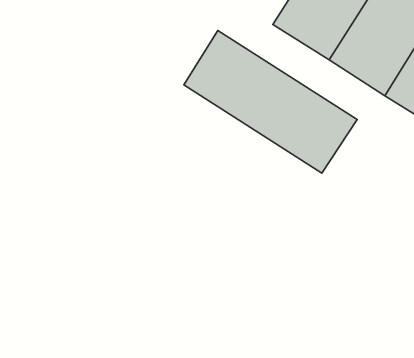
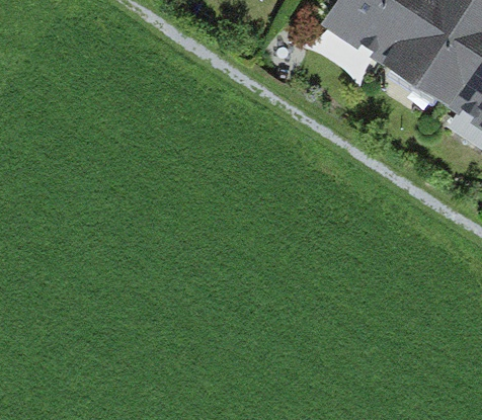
building: [184,30,357,173] -> none

